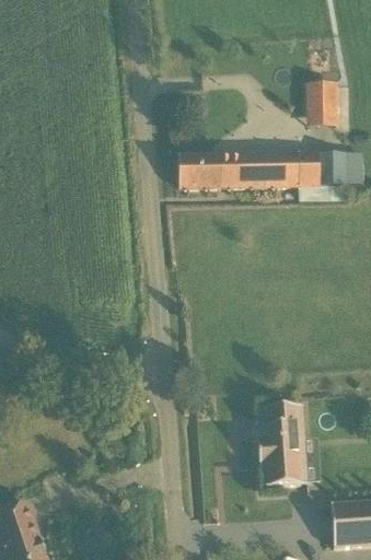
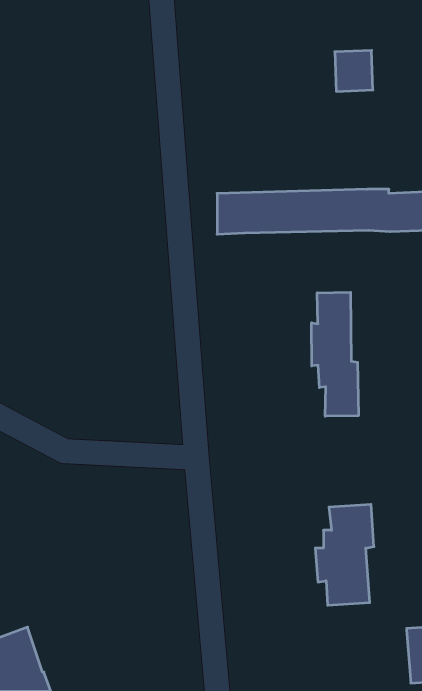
building: [308,82,338,115] -> [335,50,373,91]
building: none -> [312,292,358,416]

